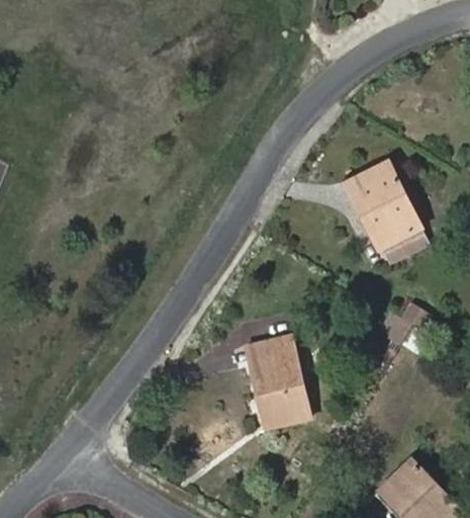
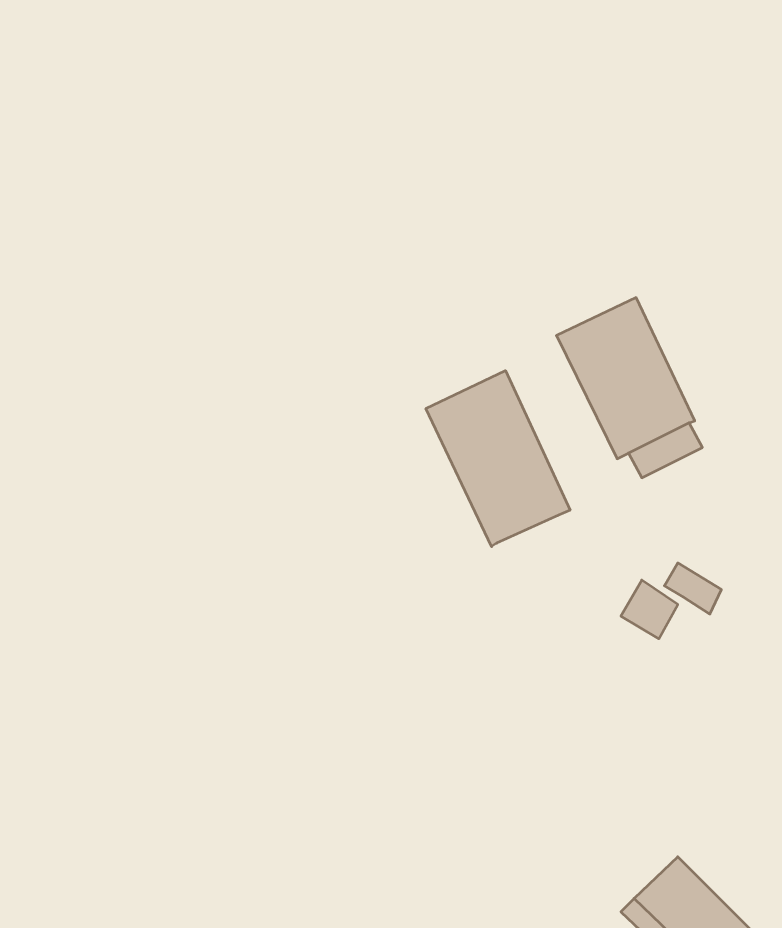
building: none -> [426,371,570,547]
building: [248,337,307,426] -> none

